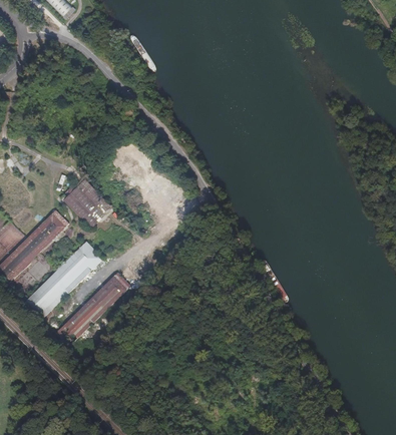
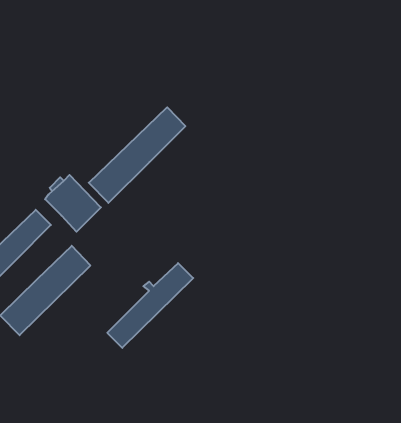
building: none -> [89,107,185,203]
building: [55,273,129,346] -> [107,263,193,348]

